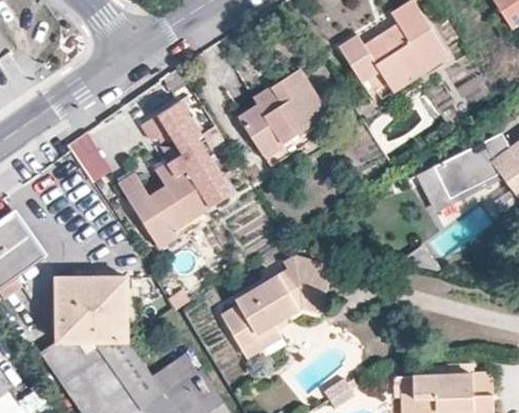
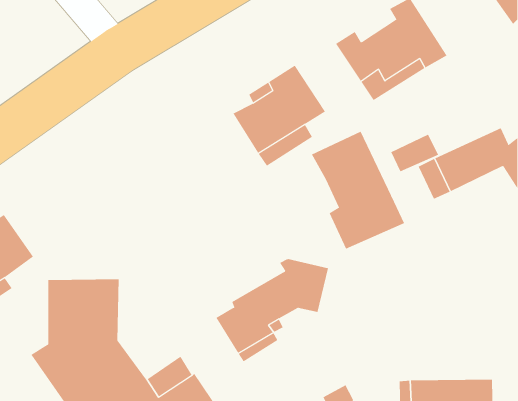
building: [119,102,230,246] -> none
building: none -> [311,131,405,250]
building: [67,135,112,185] -> none
building: none -> [390,134,439,172]

